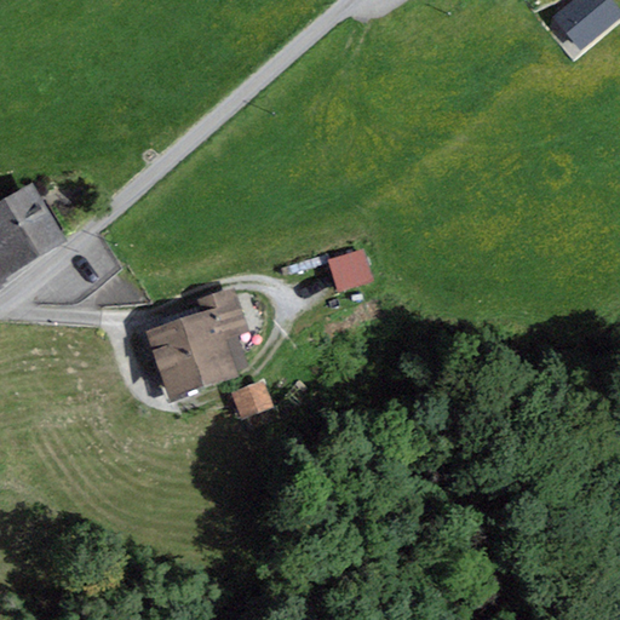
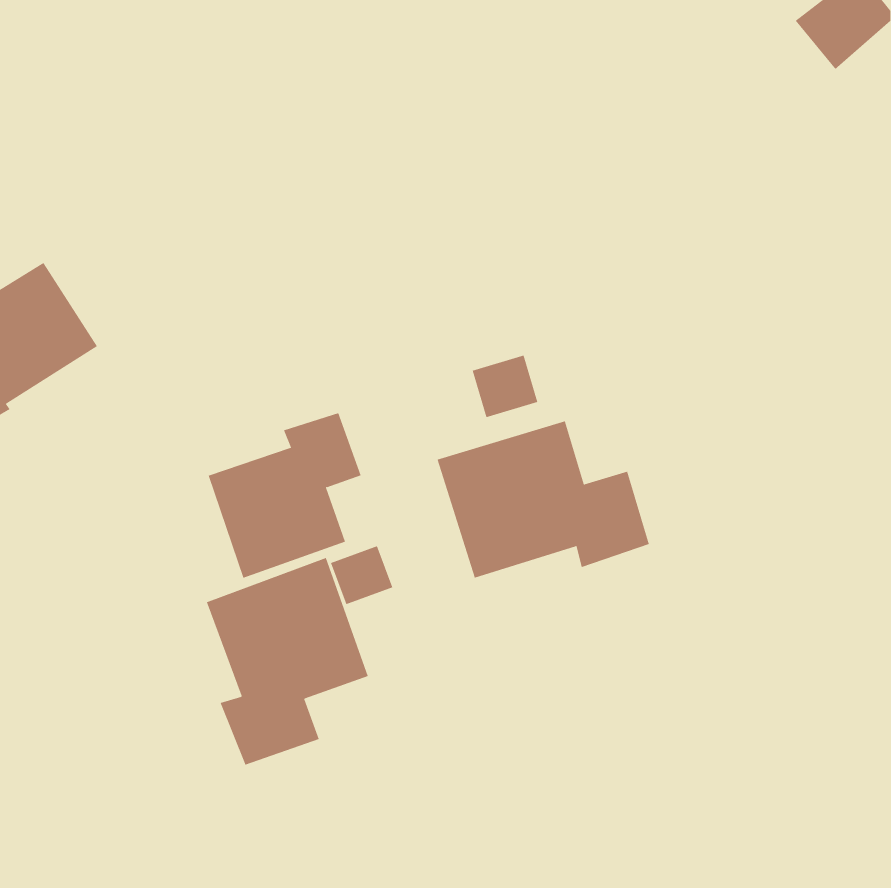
building: none -> [437,421,649,579]
building: none -> [206,557,369,766]

